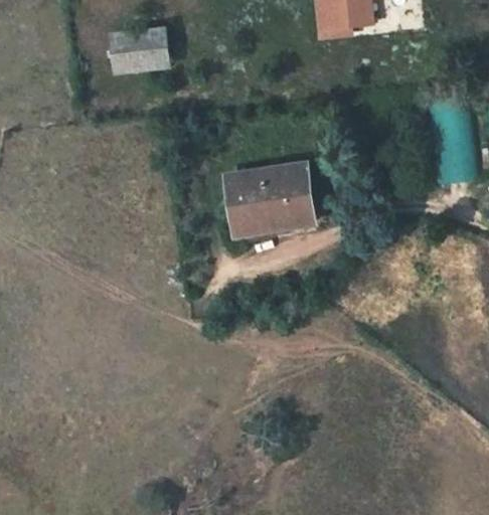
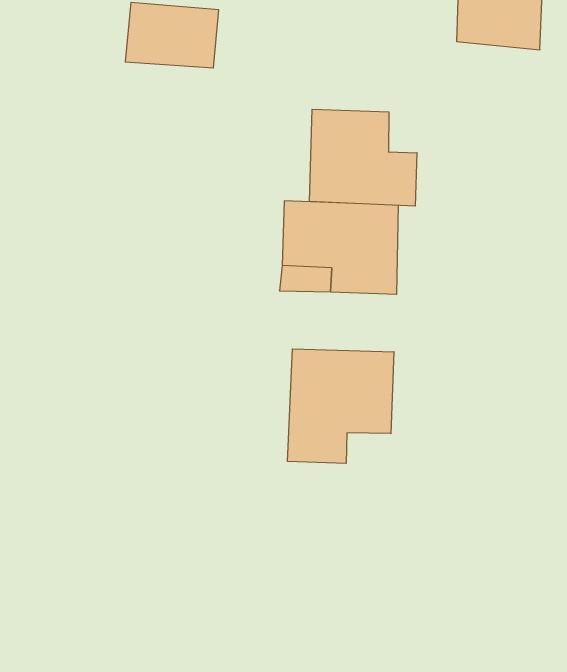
building: none -> [310,109,417,206]
building: none -> [287,349,394,463]

